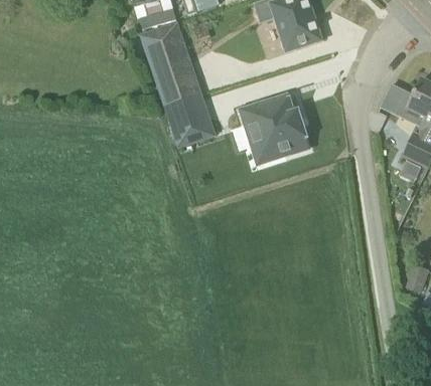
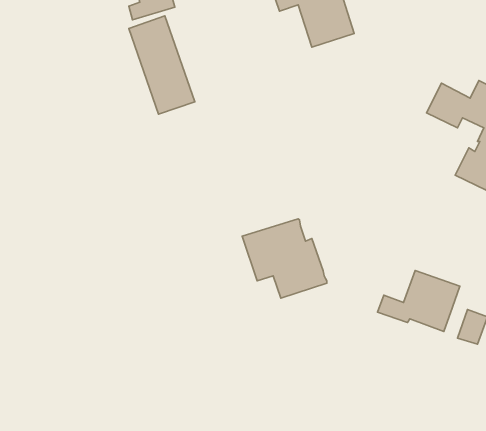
building: [163,94,206,147] -> none
building: [242,94,310,159] -> [242,219,327,298]
building: none -> [377,270,460,332]

